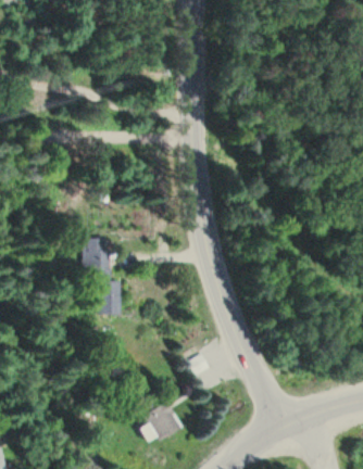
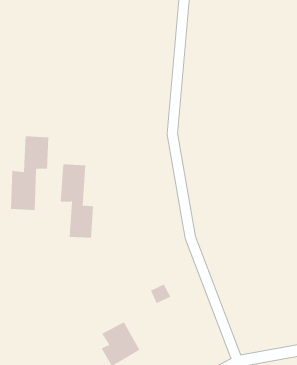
building: none -> [10,135,49,211]

